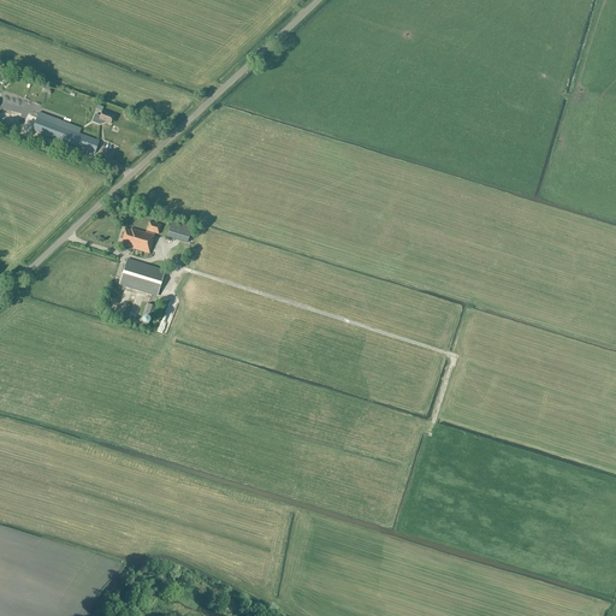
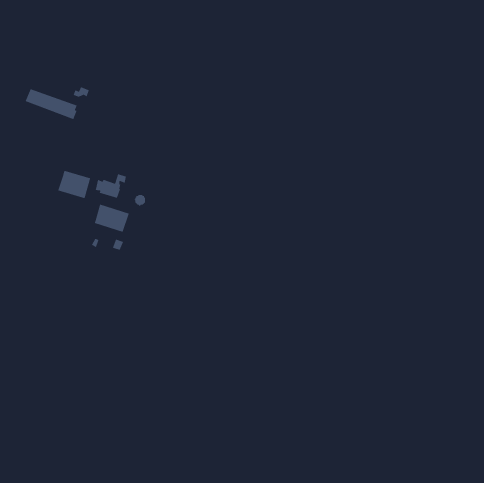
building: none -> [57,170,91,199]

